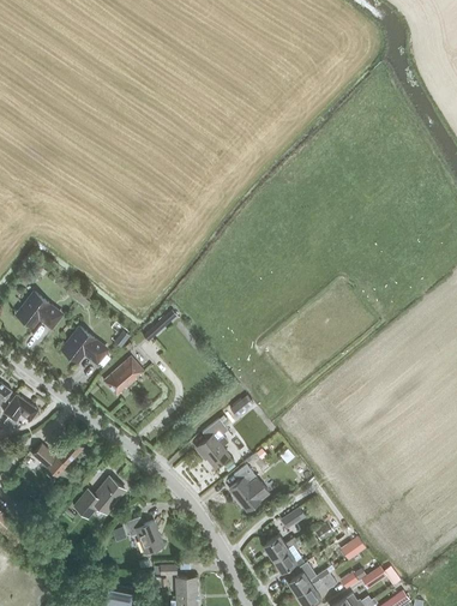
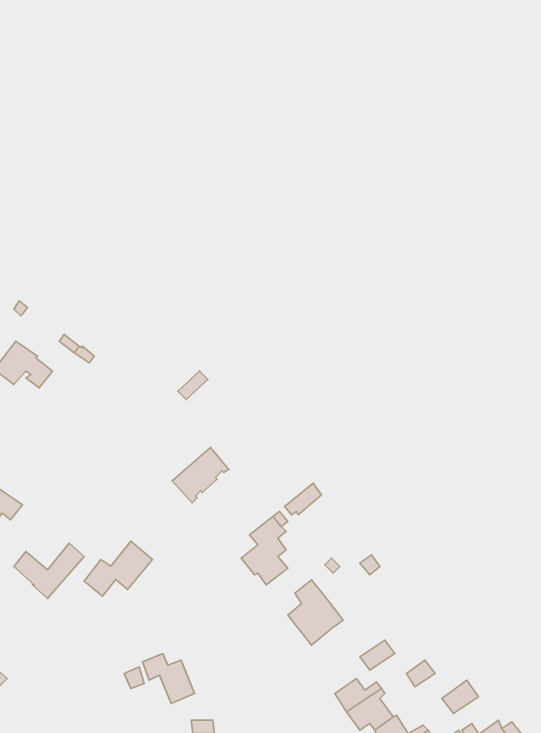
building: [64,328,106,361] -> none
building: [103,356,144,396] -> [172,448,229,503]
building: [74,478,124,517] -> [84,541,152,596]

